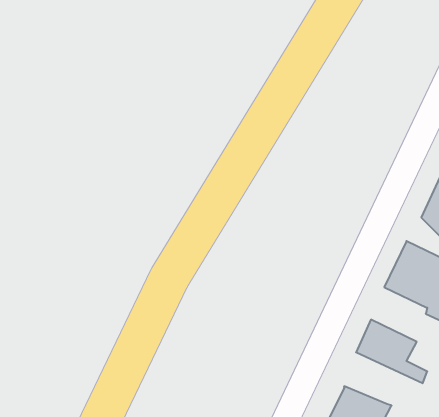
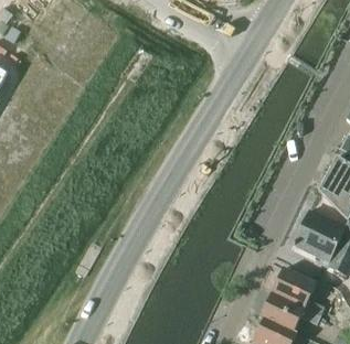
building: none -> [259,292,321,331]

